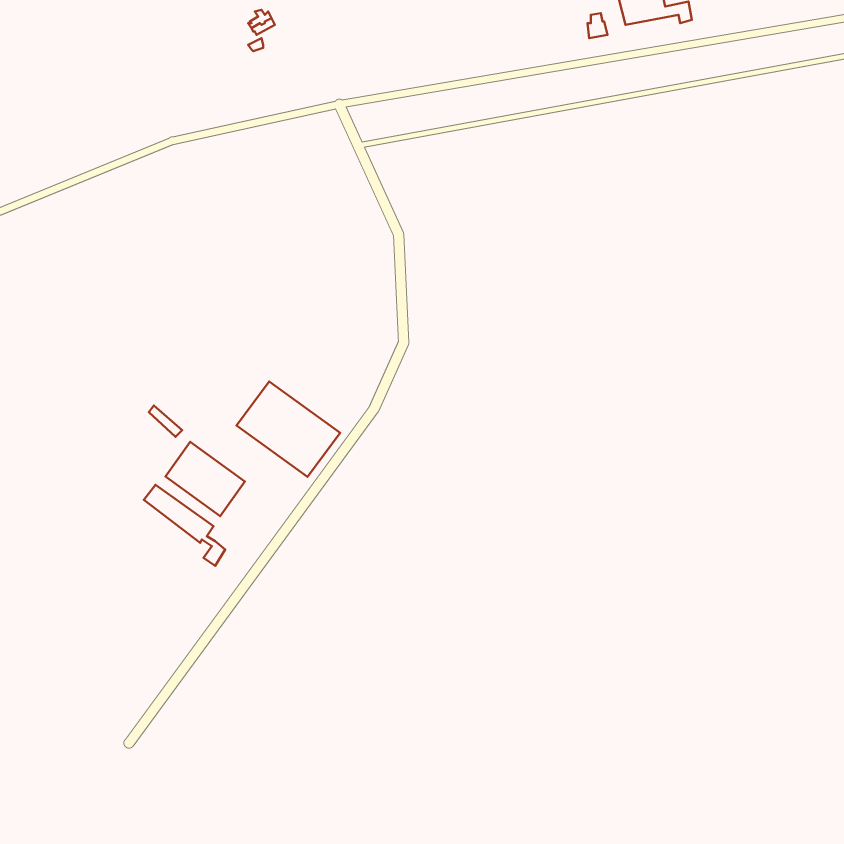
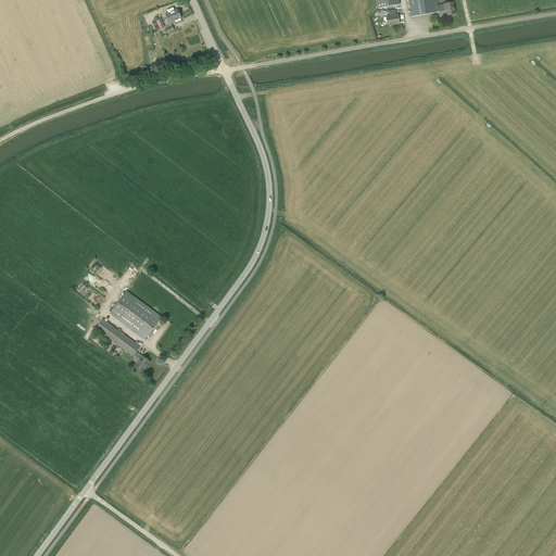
building: [237,381,340,477] -> none

